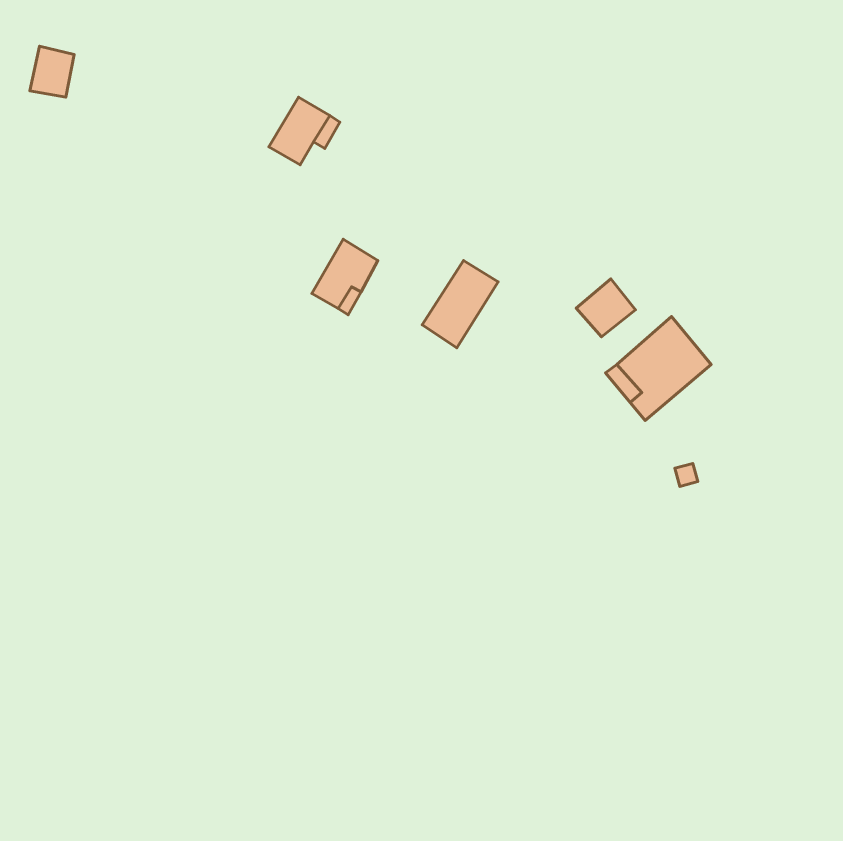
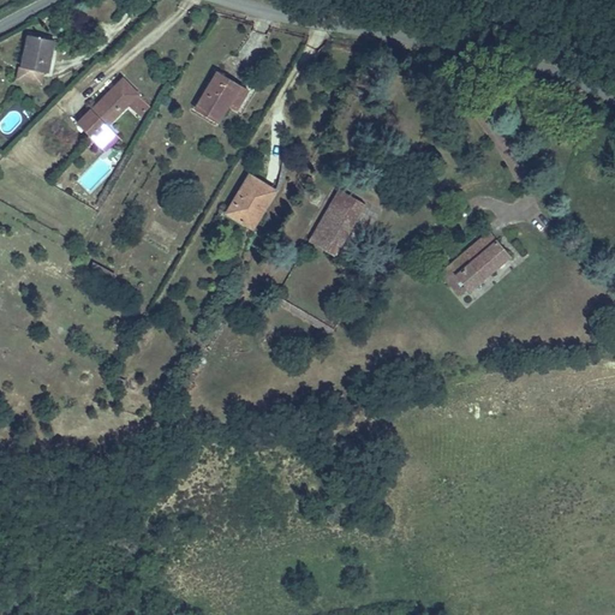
building: none -> [78,77,139,138]
building: [576,279,635,337] -> none

